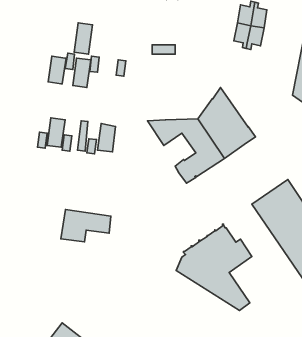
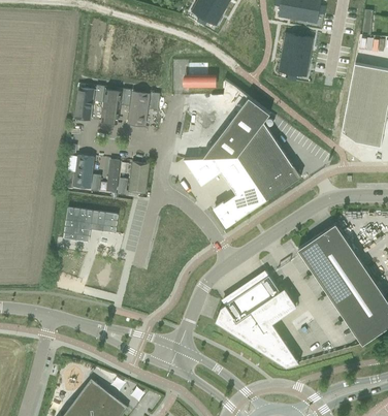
building: [74,23,92,54] -> [129,92,149,126]
building: none -> [203,97,270,158]
building: [61,209,111,242] -> [63,207,118,243]

